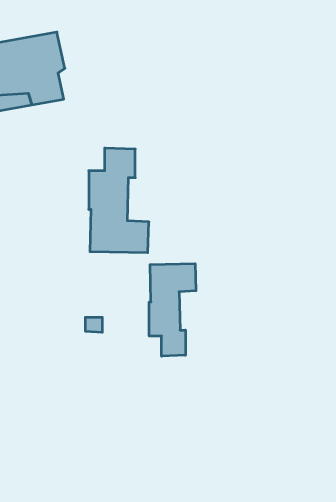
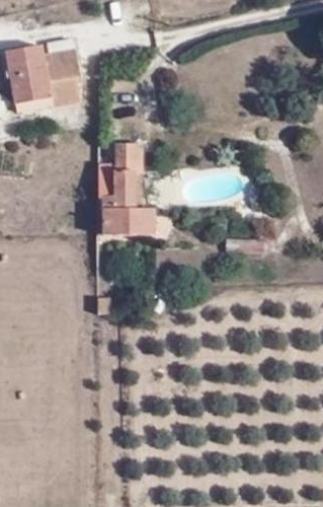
building: [149,264,196,356] -> none

